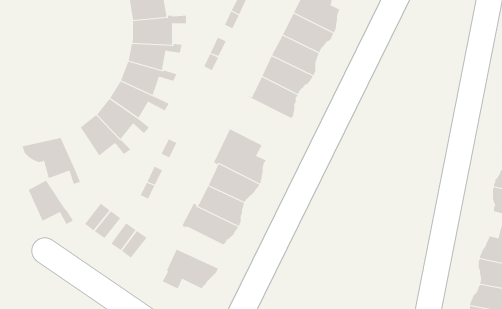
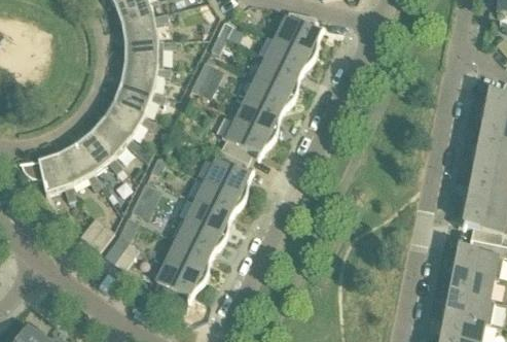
building: none -> [216,115,275,162]
building: [28,180,74,225] -> [58,145,101,187]
building: none -> [166,239,211,278]

